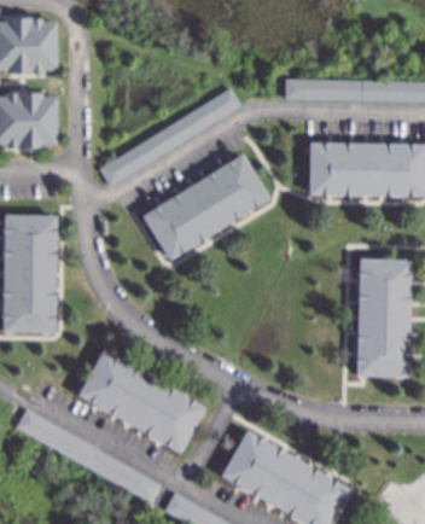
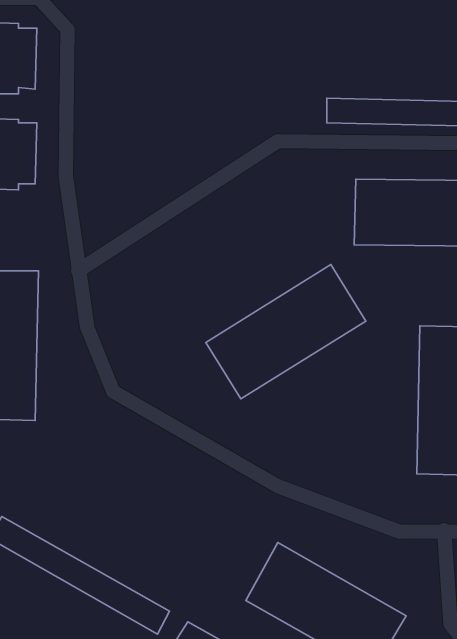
building: [100,87,243,186] -> none
building: [144,153,270,260] -> [206,265,366,399]
building: [80,349,206,453] -> none

